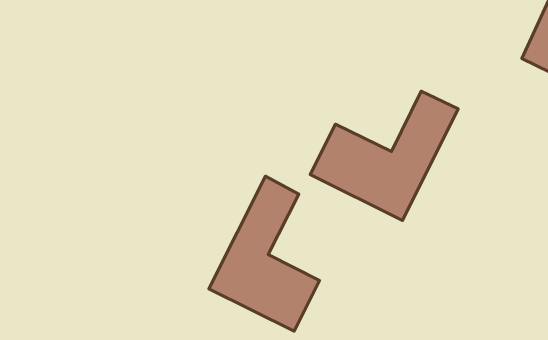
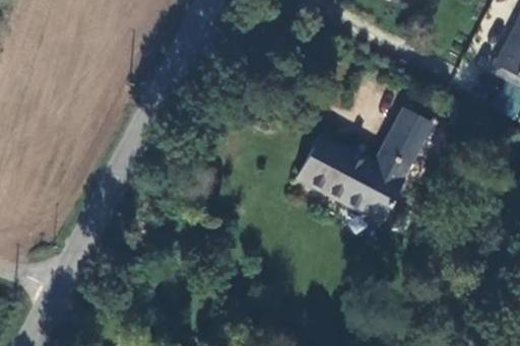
building: [209,176,319,331] -> none

